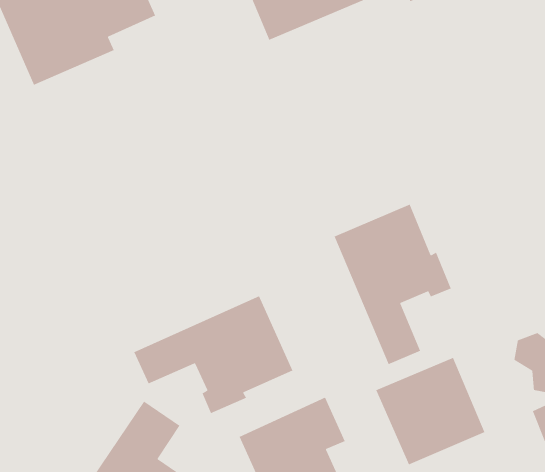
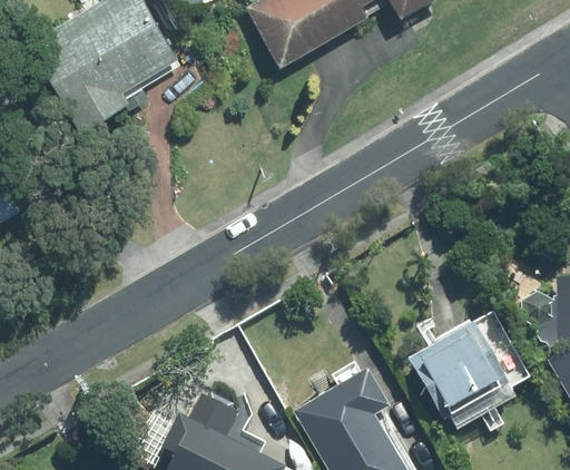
building: [333,204,452,365] -> none
building: [133,295,294,414] -> none

